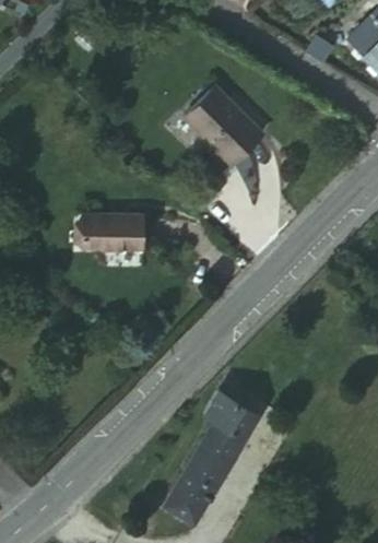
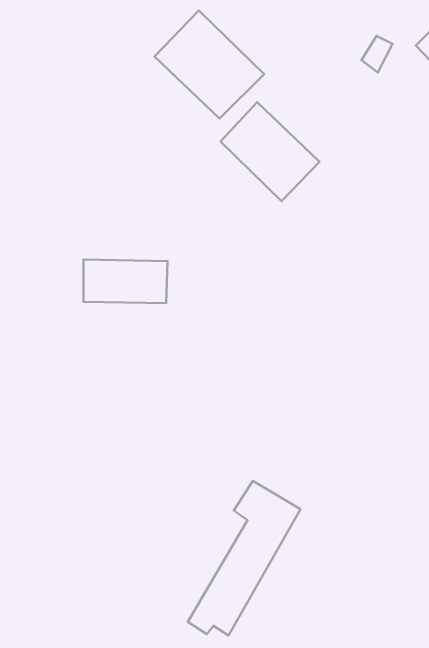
building: none -> [154,10,264,119]

